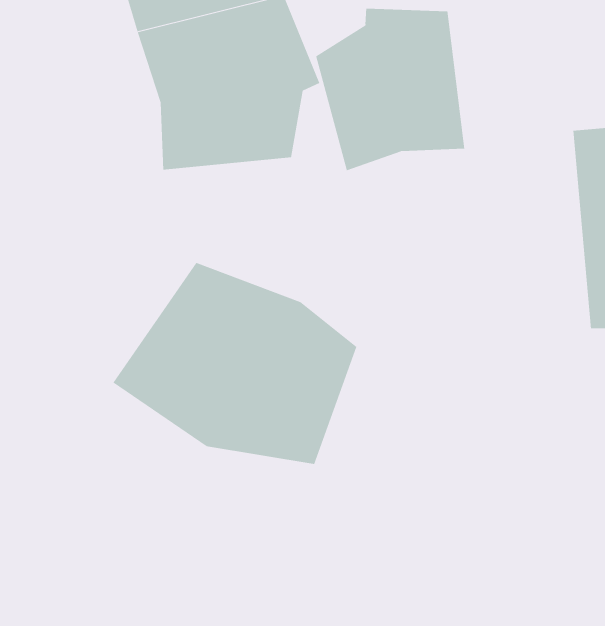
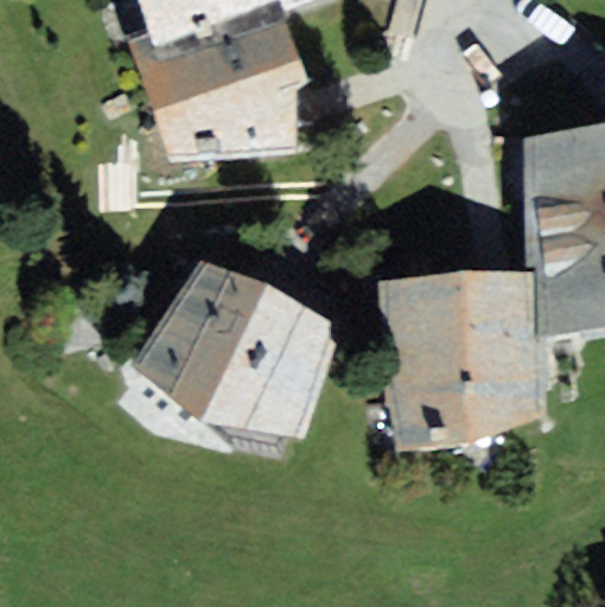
building: [315,8,465,171] -> none
building: none -> [388,261,536,426]

